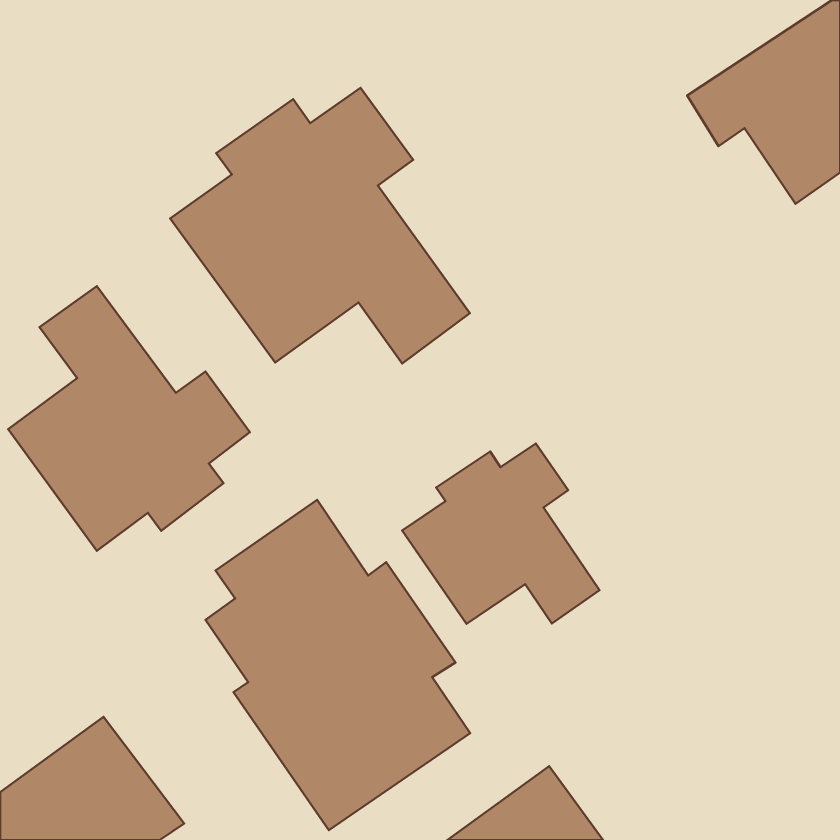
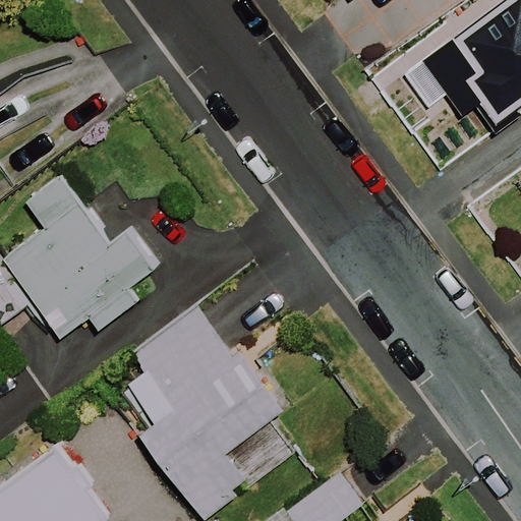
building: [170,88,470,364] -> none
building: [402,444,600,624] -> none

